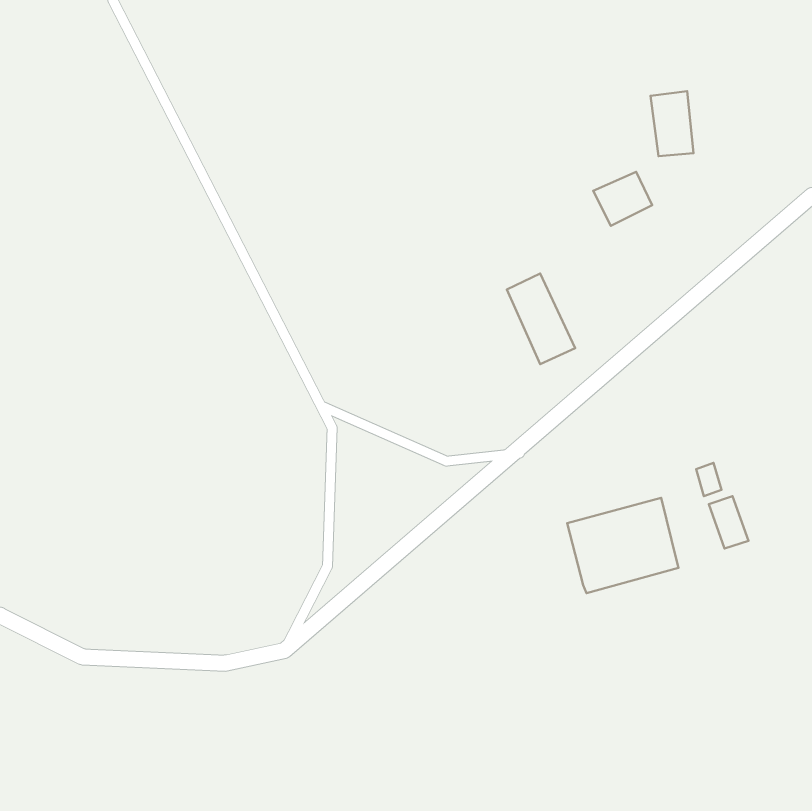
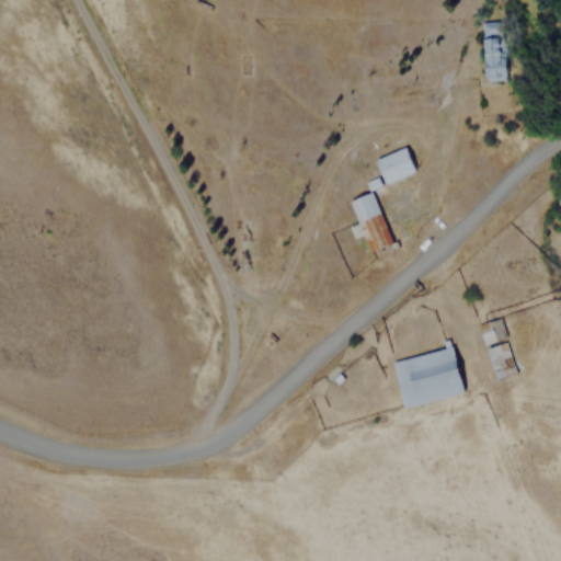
building: [650,91,693,156] -> [479,35,508,80]
building: [593,172,652,226] -> [376,147,416,184]

